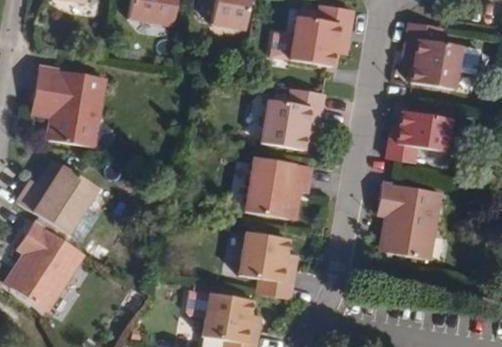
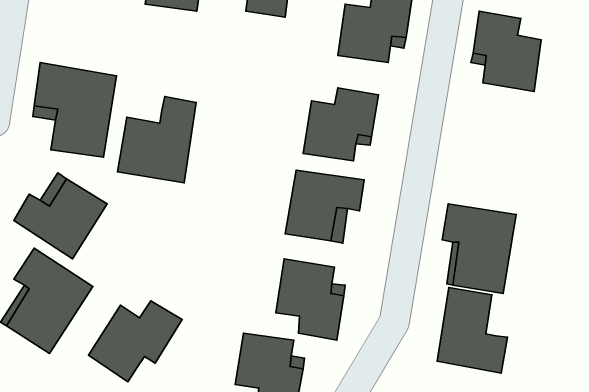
building: none -> [117,96,196,183]
building: [386,110,449,161] -> none
building: none -> [437,288,507,373]
building: none -> [88,301,182,382]

